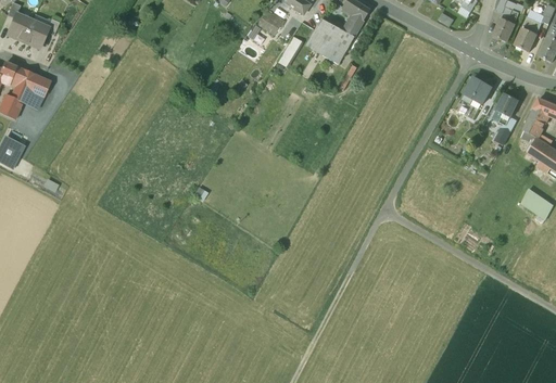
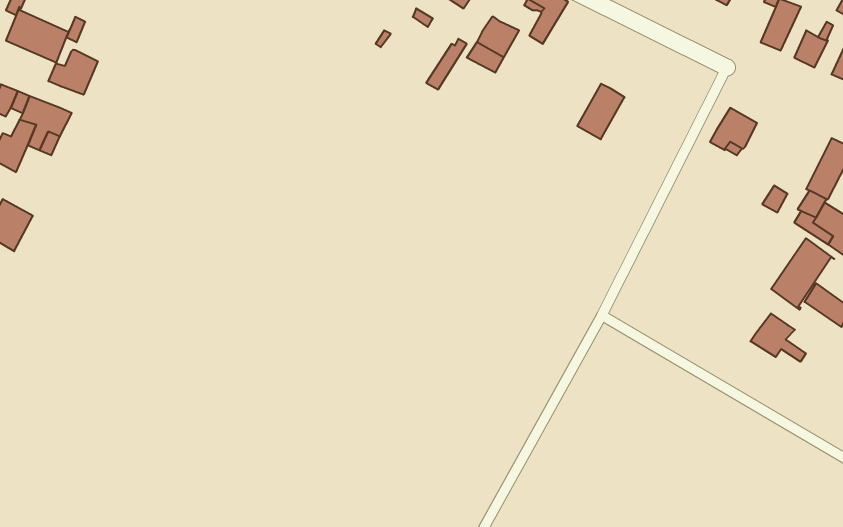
building: [323,27,353,63] -> [577,84,625,139]
building: none -> [48,50,98,95]
building: [492,93,518,125] -> none
building: none -> [771,238,834,310]
building: none -> [750,313,806,362]

